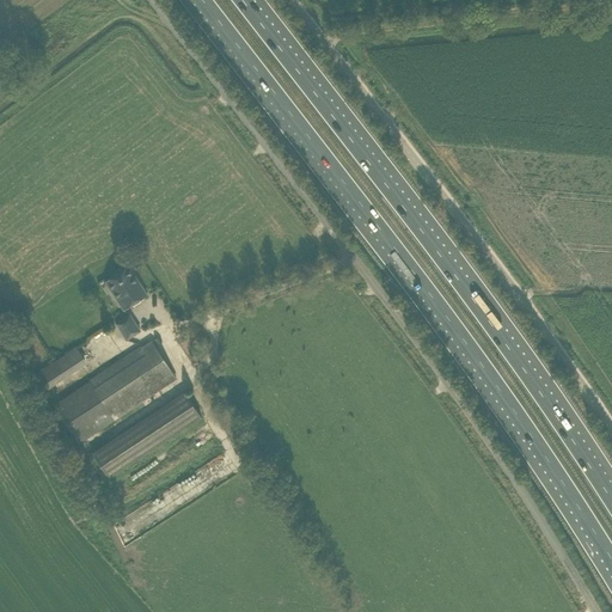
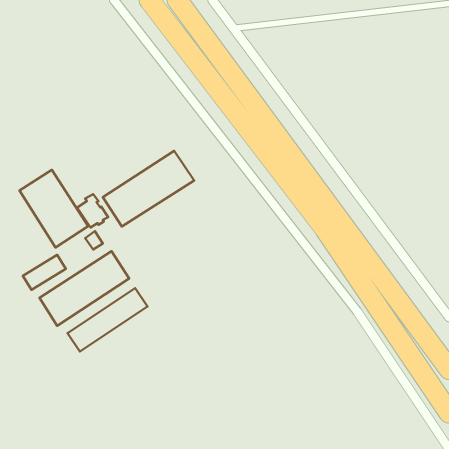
building: none -> [103,151,194,227]
building: none -> [20,170,88,248]

